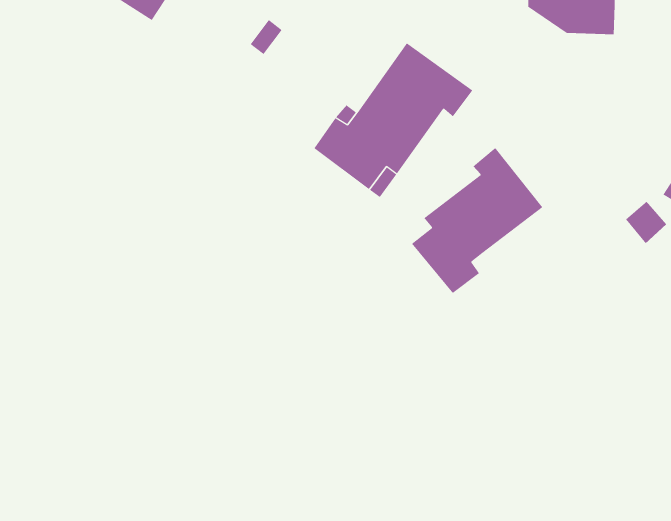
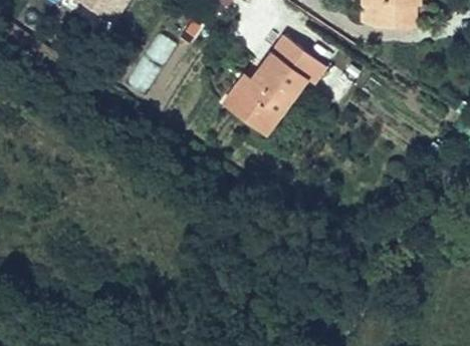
building: [411,147,543,294] -> none

